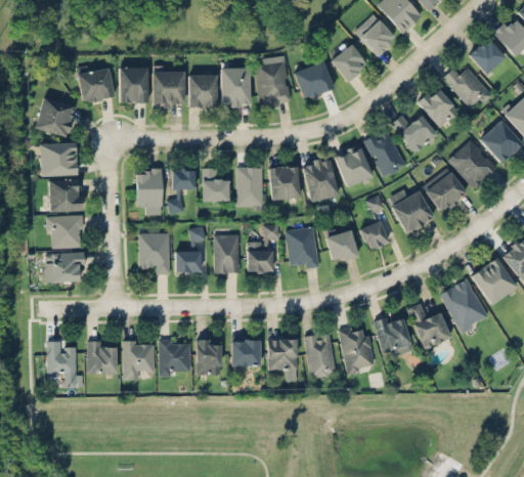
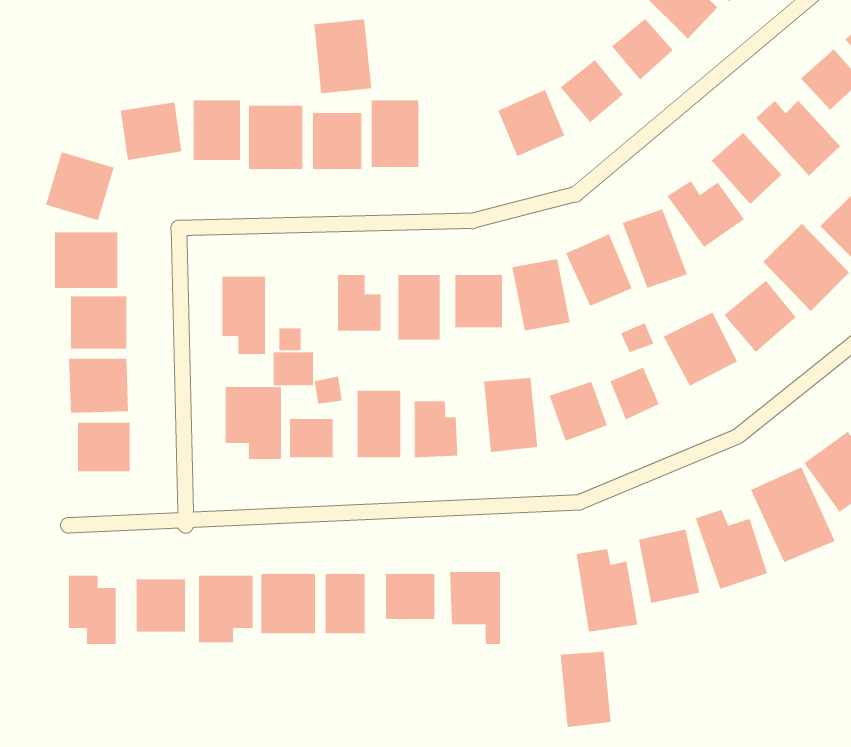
building: [256,62,290,105] -> [313,19,372,94]
building: [171,170,194,189] -> [273,352,314,386]
building: [305,334,335,378] -> [560,651,611,728]

